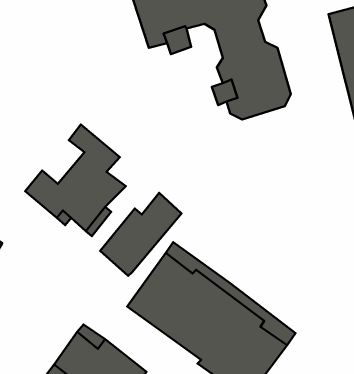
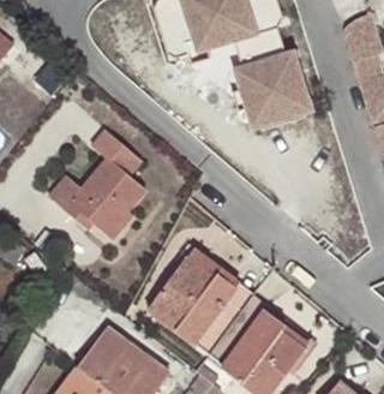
building: [100,193,181,276] -> none

